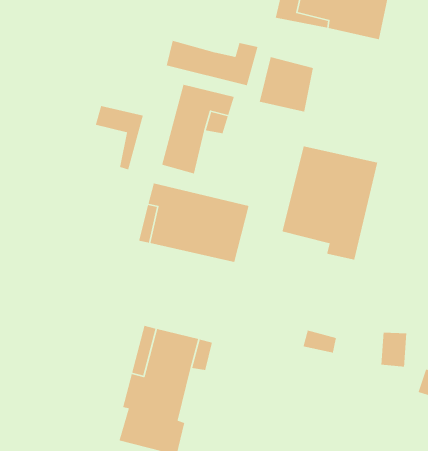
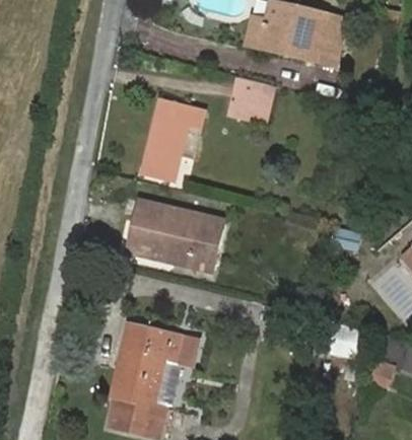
building: [166,40,259,86] -> none
building: [95,105,144,170] -> none
building: [282,146,378,260] -> none

